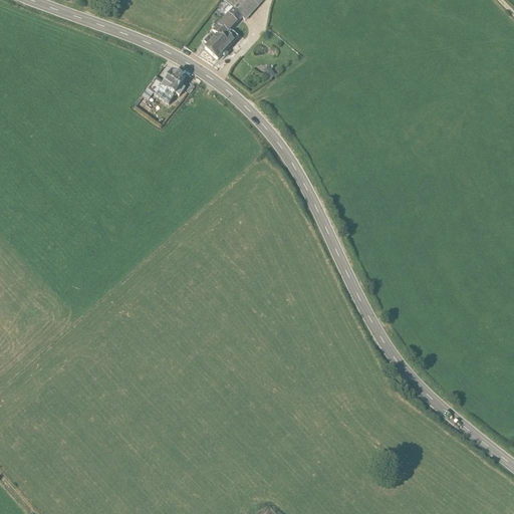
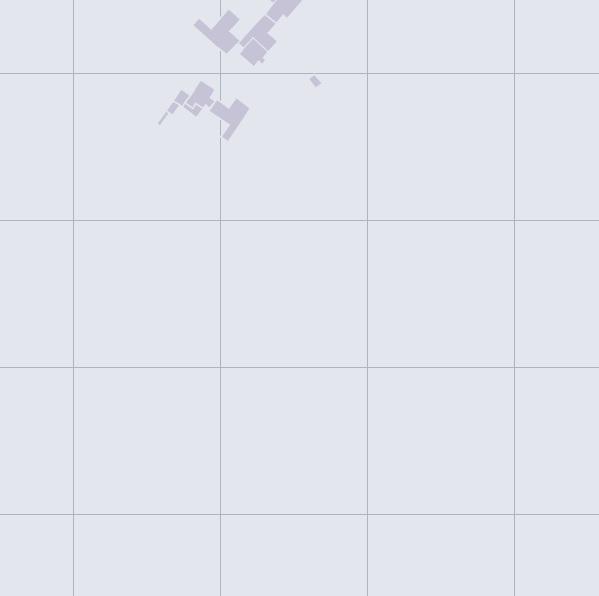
building: none -> [192,9,241,55]
building: none -> [209,97,250,142]

